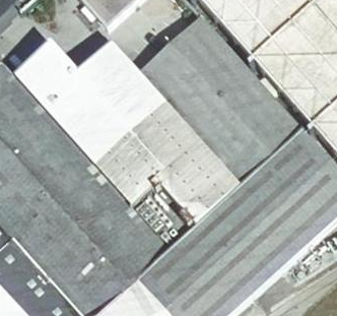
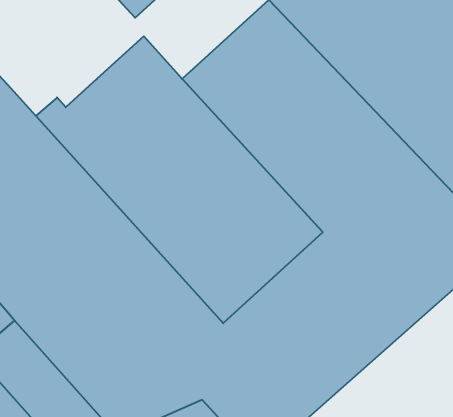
building: [14,41,78,97] -> none

